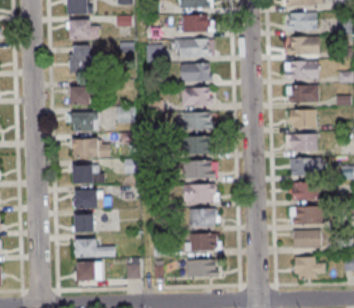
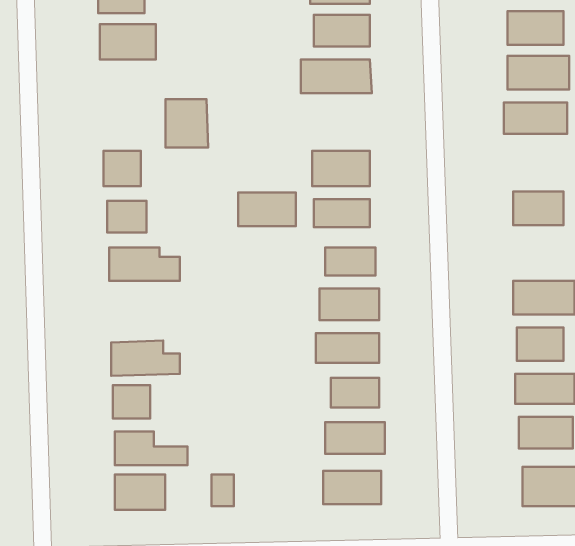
building: [69,46,92,72] -> [165,99,208,148]
building: [180,64,211,82] -> [238,193,296,226]
building: [286,86,317,103] -> none
building: [286,134,316,152] -> none
building: [72,166,101,184] -> none

